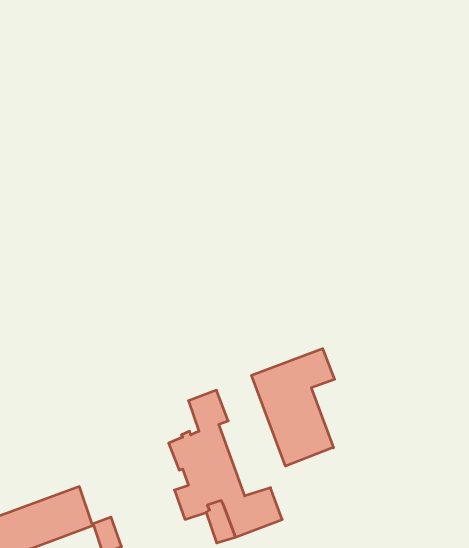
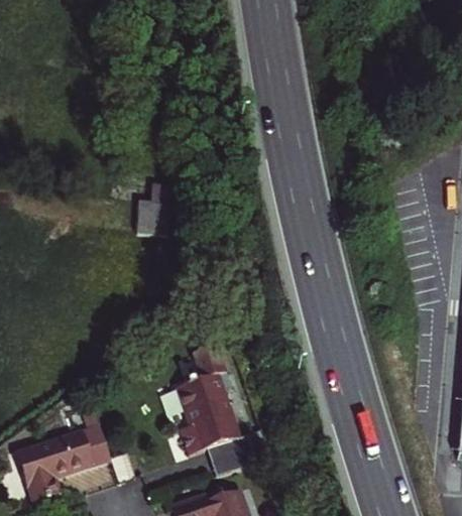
building: none -> [141,199,170,231]
building: [252,349,335,466] -> none

